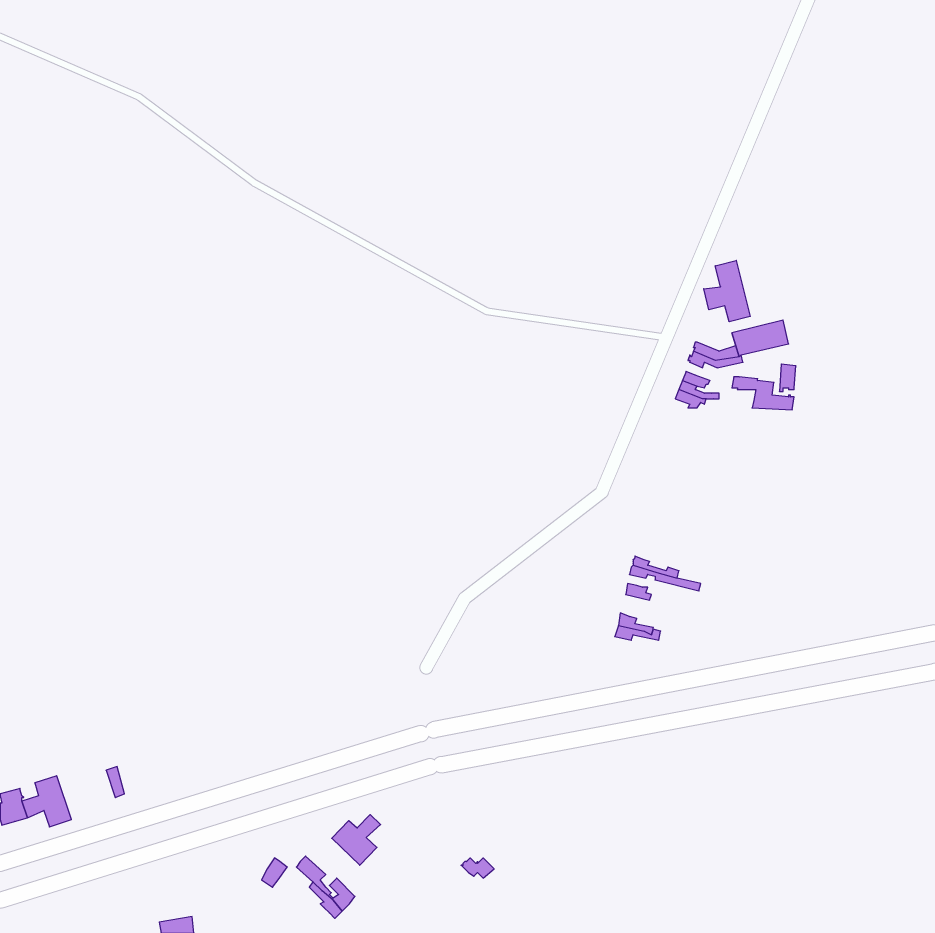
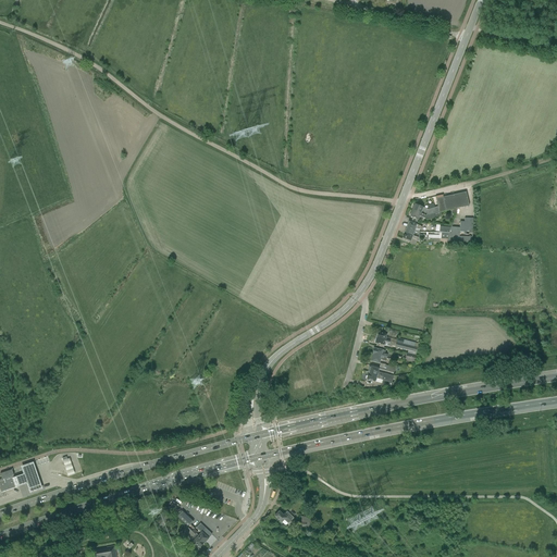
building: [704,260,750,322] -> none
building: [332,815,381,865] -> none

